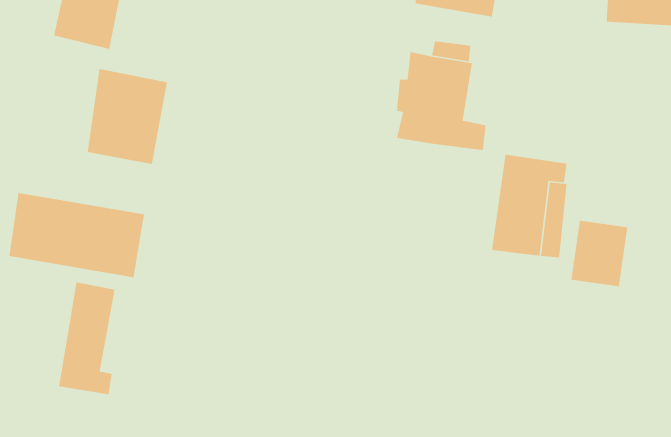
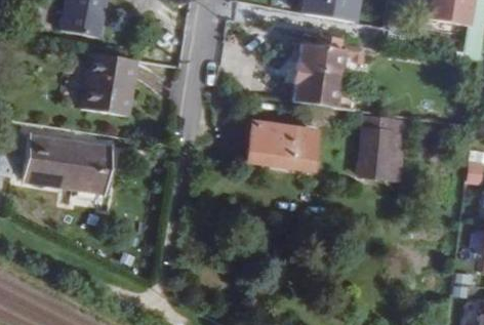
building: none -> [245,120,313,168]
building: [570,220,628,287] -> none
building: [58,281,115,395] -> none

